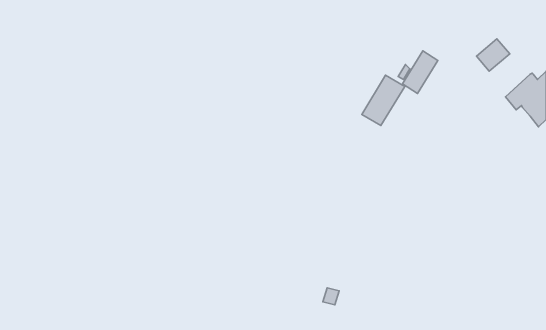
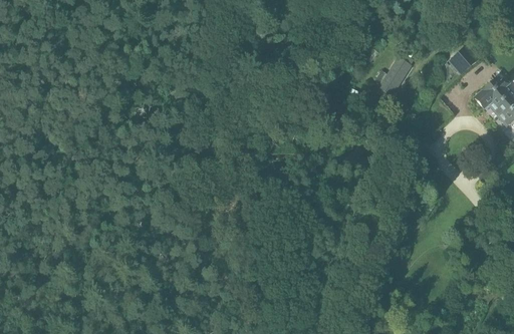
building: [362,75,405,126] -> none

